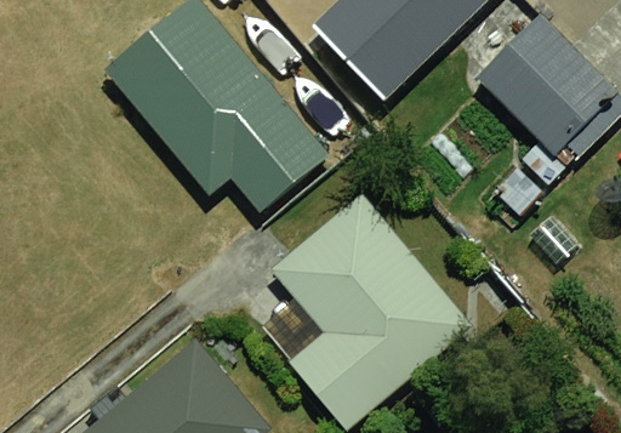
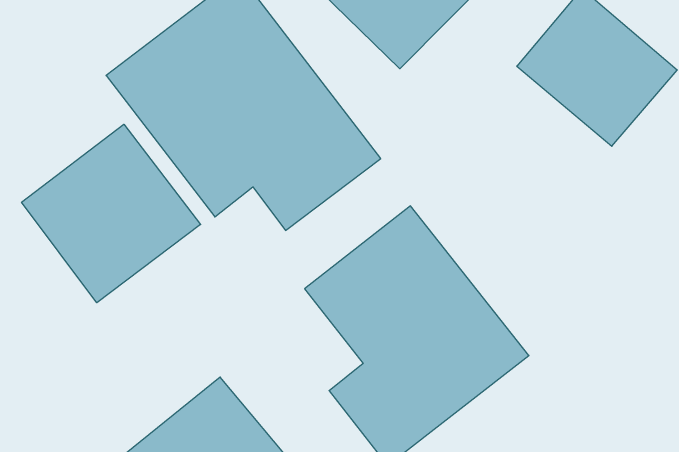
building: none -> [22,124,201,303]

